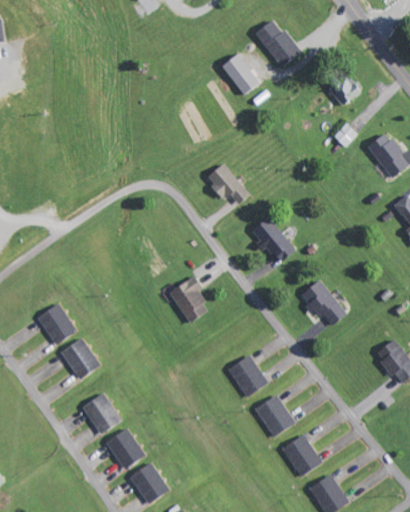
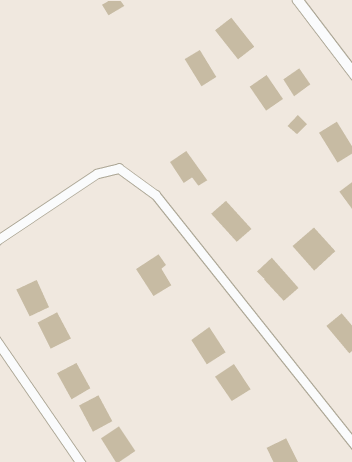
building: none -> [249,74,284,112]
building: none -> [292,227,336,271]
building: [282,434,322,477] -> none

